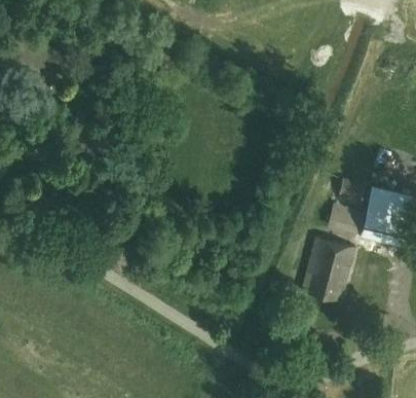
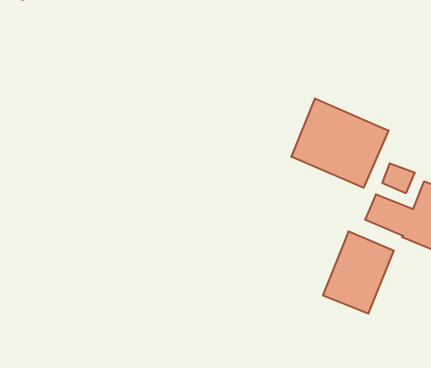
building: none -> [291,98,389,188]

